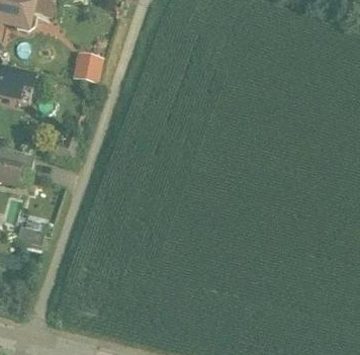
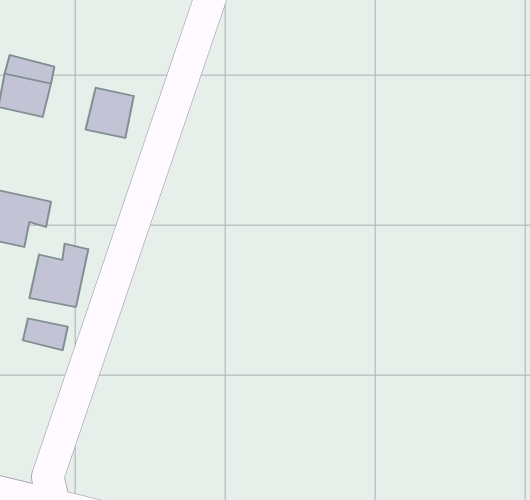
building: [72,53,101,83] -> [86,88,134,138]
building: none -> [30,244,88,307]

